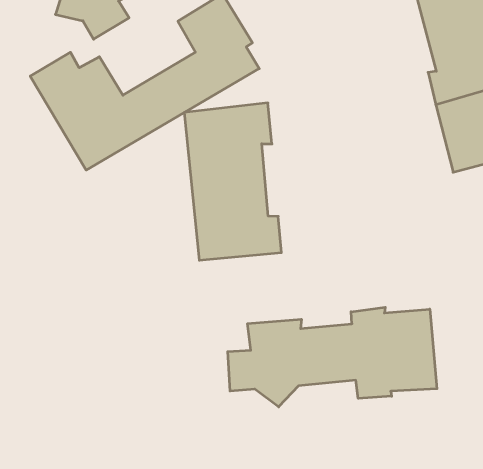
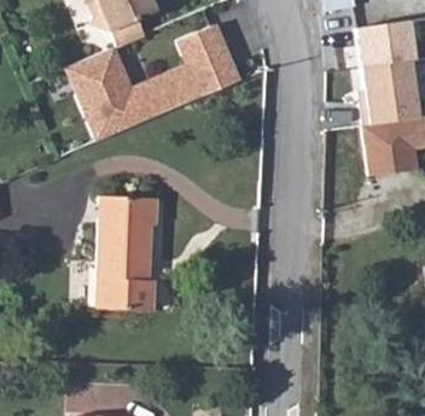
building: [184,103,281,260] -> [94,198,159,309]
building: [228,307,437,407] -> none

